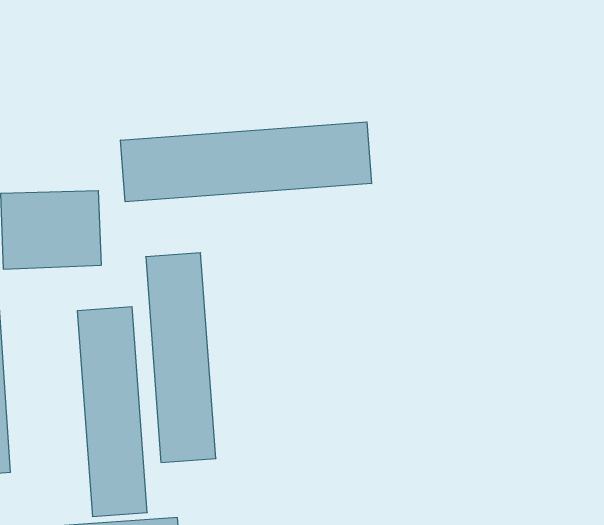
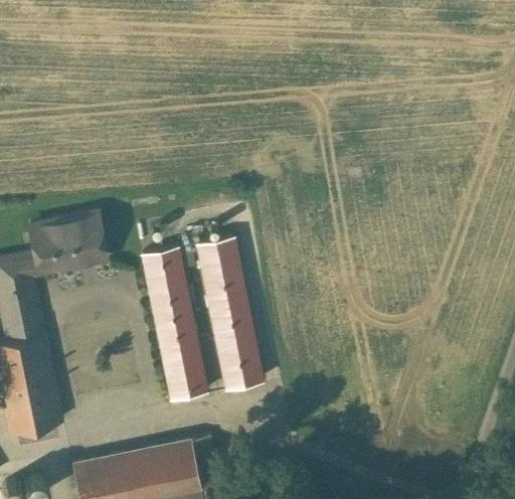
building: [121,122,371,202] -> none
building: [77,307,147,516] -> [195,237,265,392]

